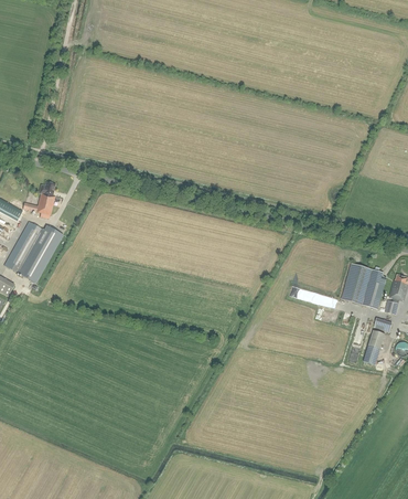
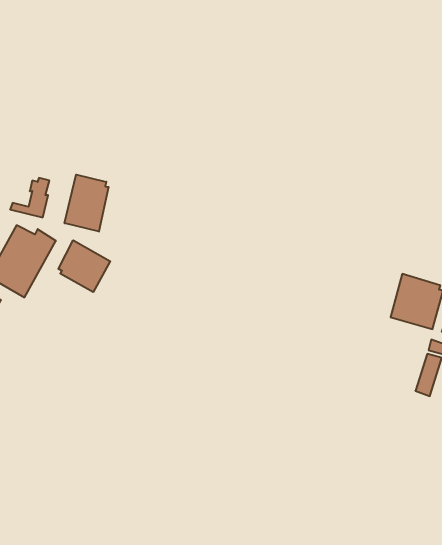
building: none -> [65,175,109,232]
building: none -> [58,240,110,292]

